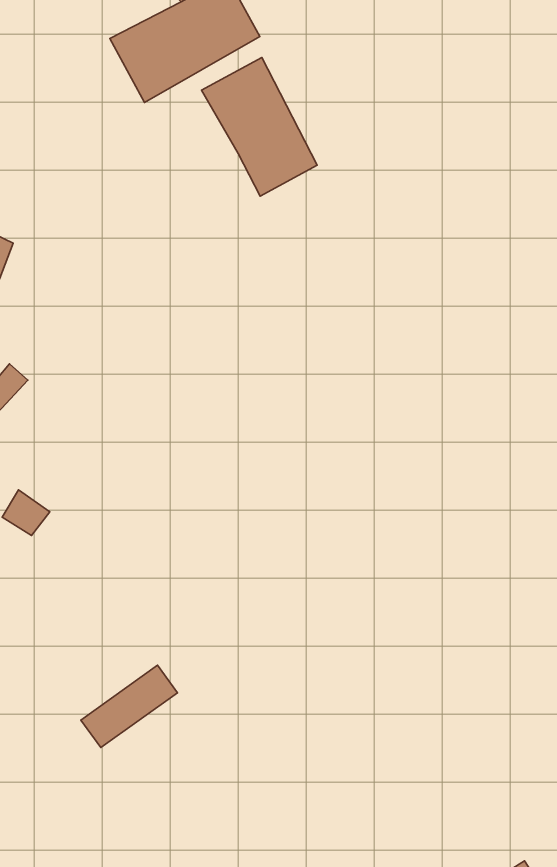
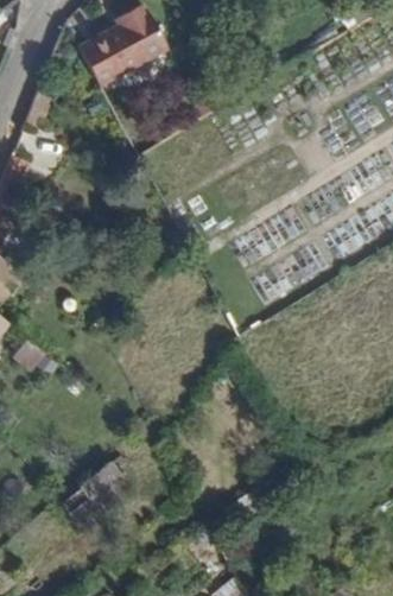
building: [202,57,317,196] -> none

